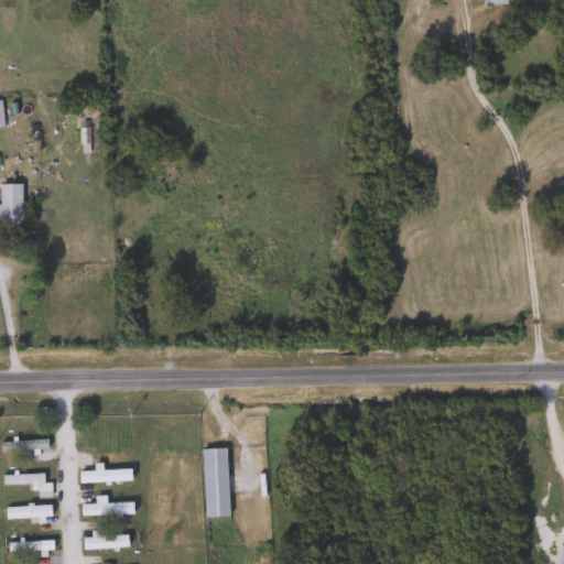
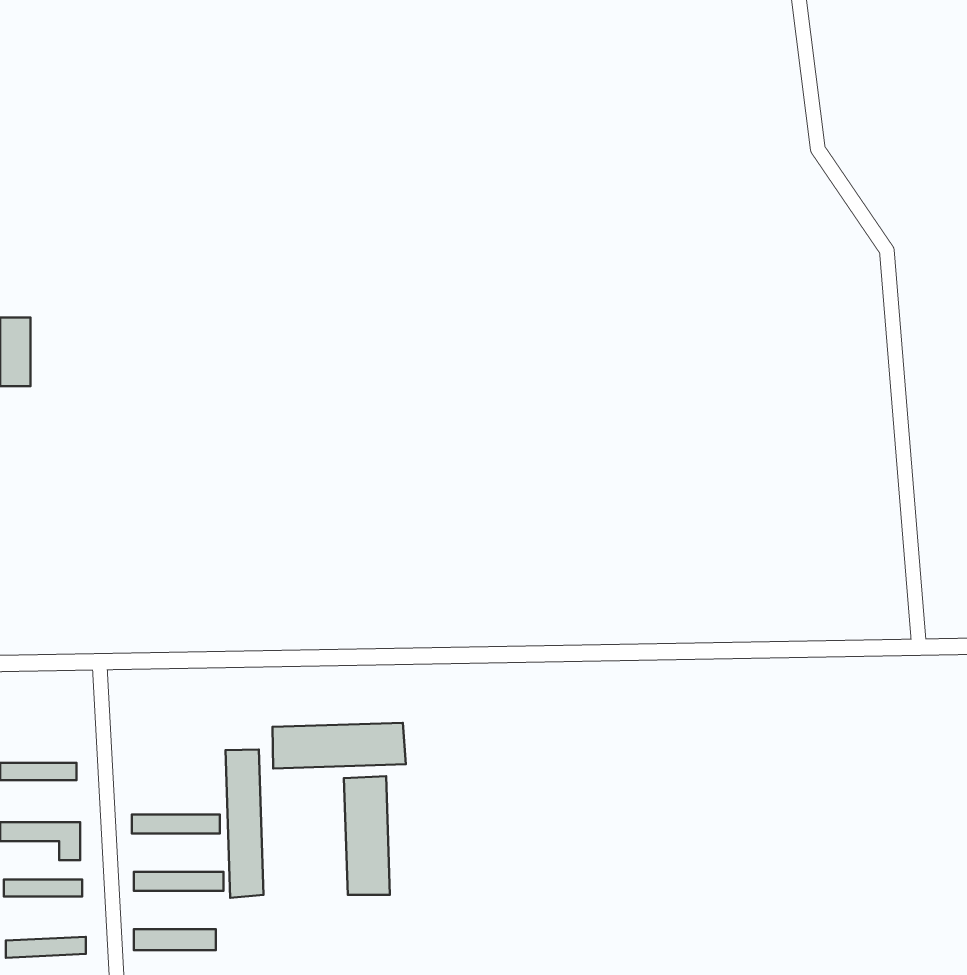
building: none -> [272,723,406,768]
building: none -> [225,750,264,898]

